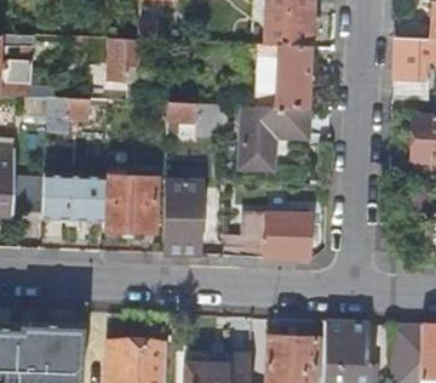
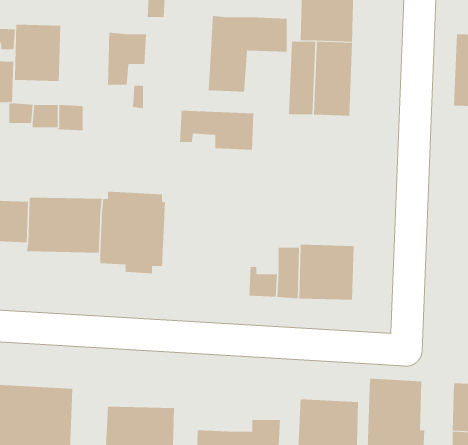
building: none -> [14,24,61,82]
building: [245,104,310,167] -> [208,15,287,92]
building: [168,170,206,255] -> none

